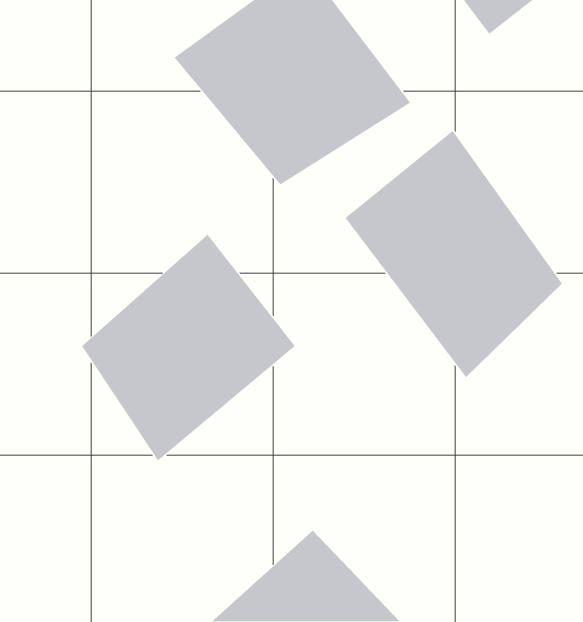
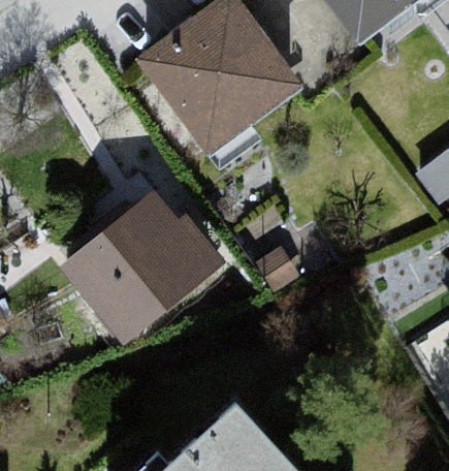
building: [345,130,563,378] -> none

